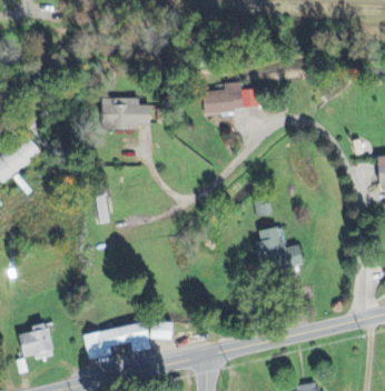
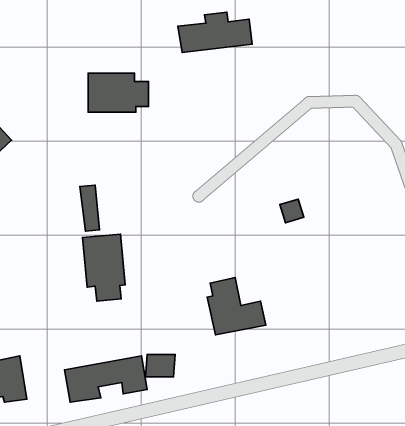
building: [199,81,258,113] -> [178,12,252,53]
building: [253,225,299,271] -> [207,277,266,335]
building: none -> [83,234,125,301]

